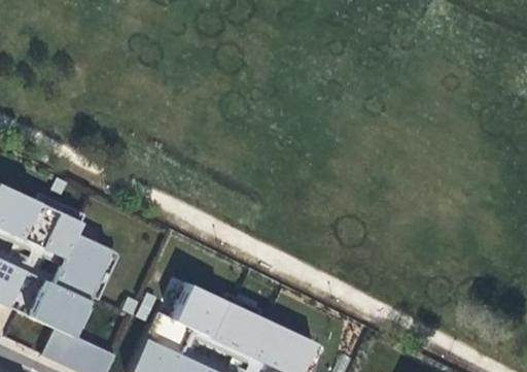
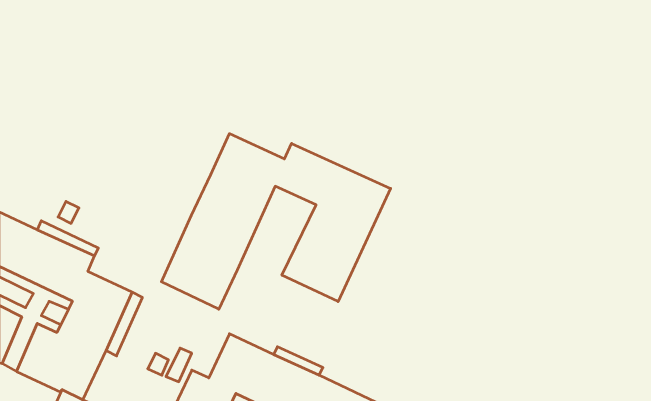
building: none -> [161,134,391,309]

